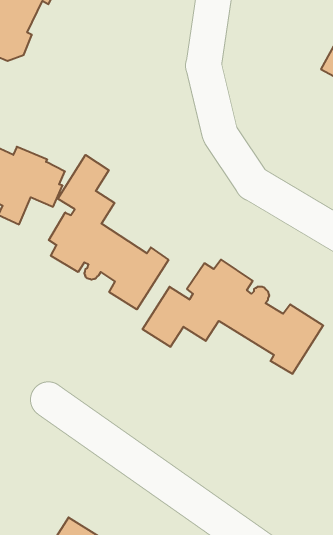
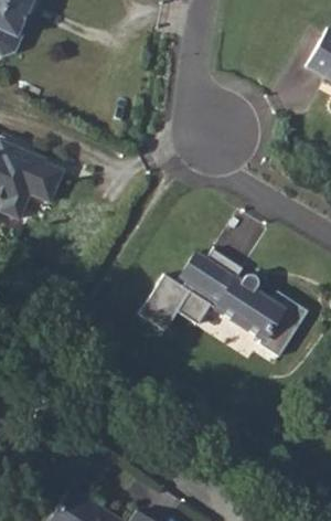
building: [49,155,168,309] -> none

